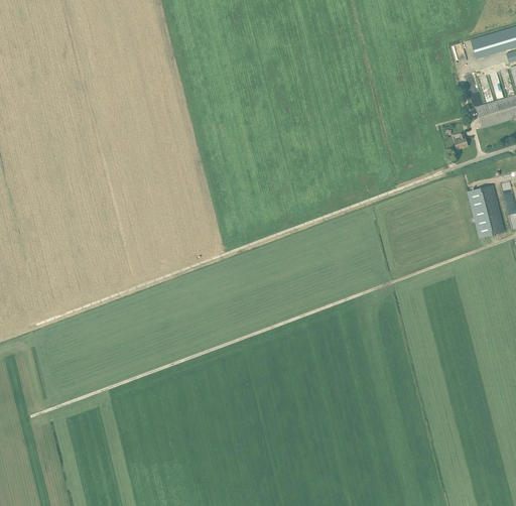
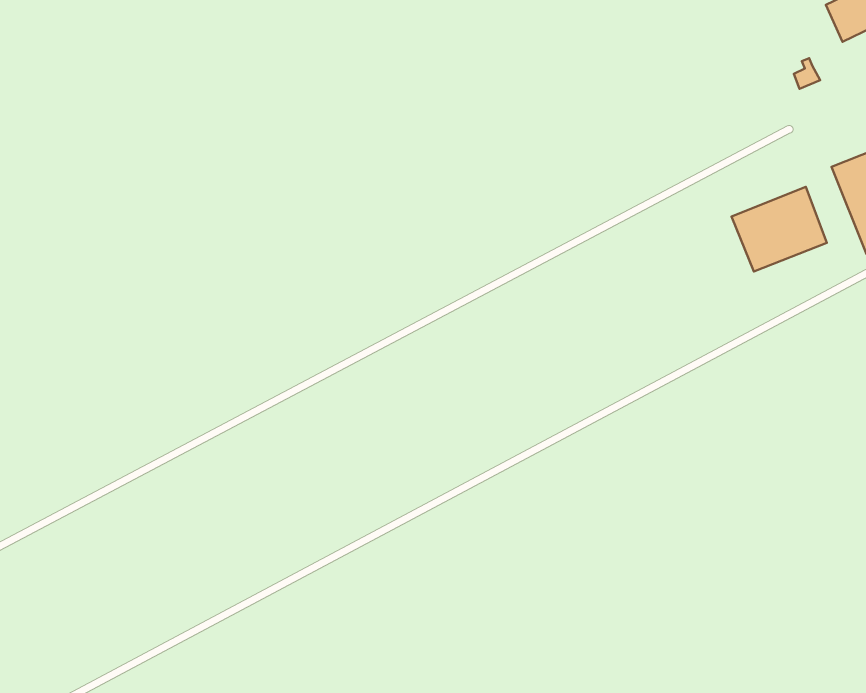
building: none -> [732,187,827,271]

